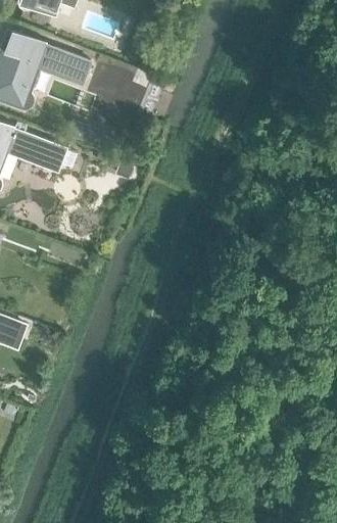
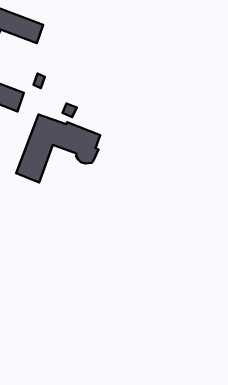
building: none -> [16,114,100,182]

